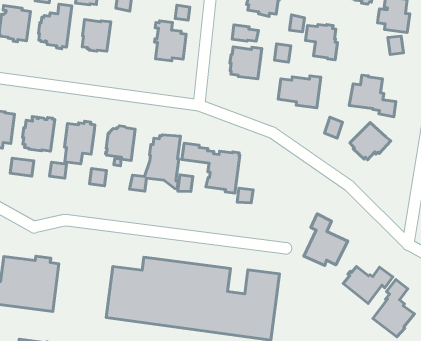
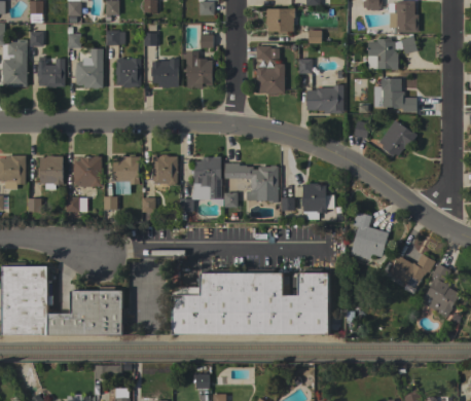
building: [306,24,337,60] -> [368,38,398,70]
building: none -> [151,59,179,87]
building: none -> [301,183,326,217]

